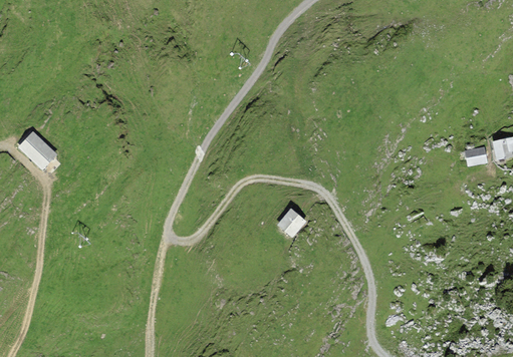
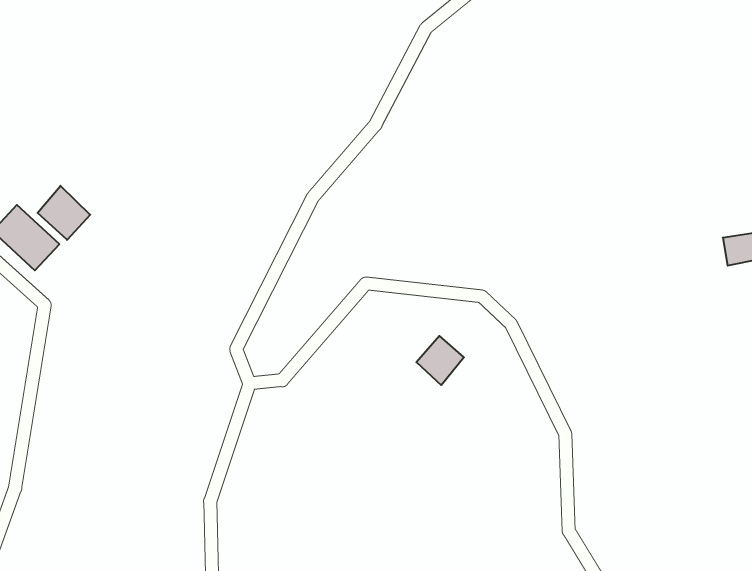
building: none -> [38,186,90,240]

